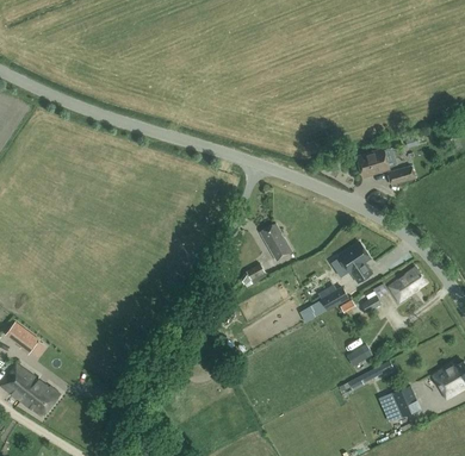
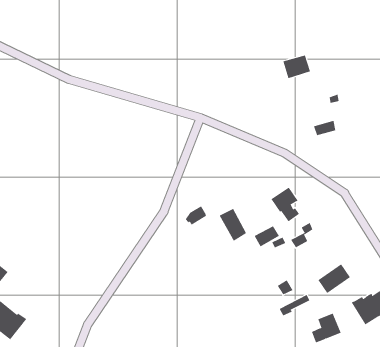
building: [355,149,388,176] -> [283,55,311,79]
building: [259,223,291,261] -> [219,208,247,242]
building: [388,267,426,301] -> [317,263,351,294]

